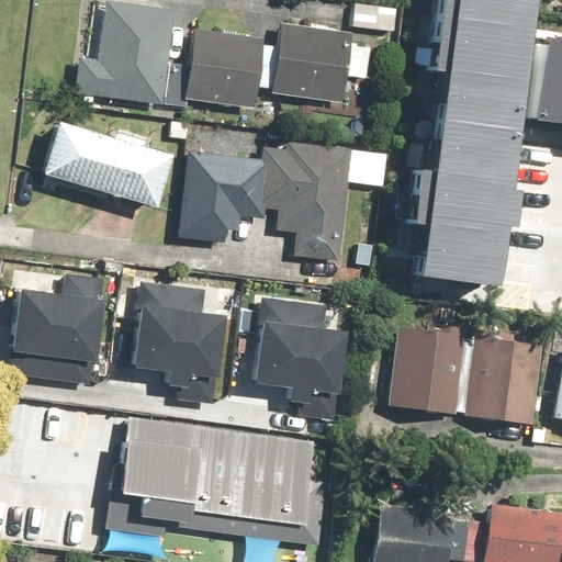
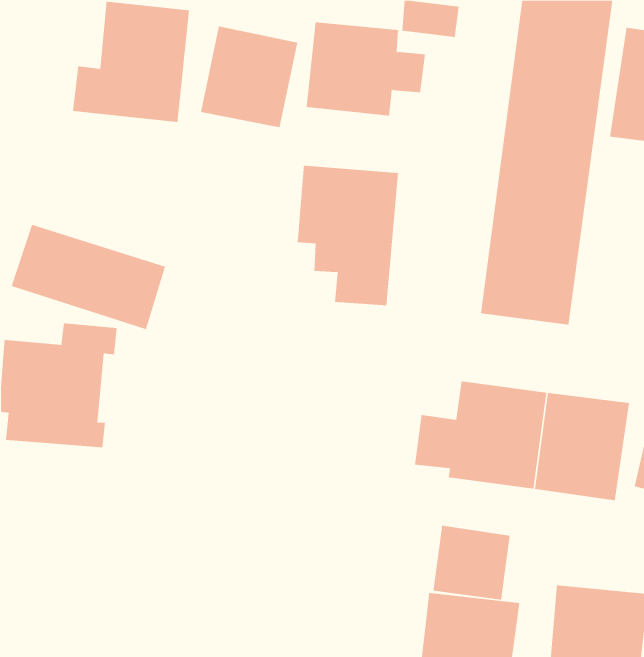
building: [33,120,165,210] -> [11,224,166,330]
building: [180,149,270,243] -> none
building: [140,282,229,407] -> none
building: [259,299,348,419] -> none
building: [110,413,326,544] -> none
building: none -> [433,525,510,601]

